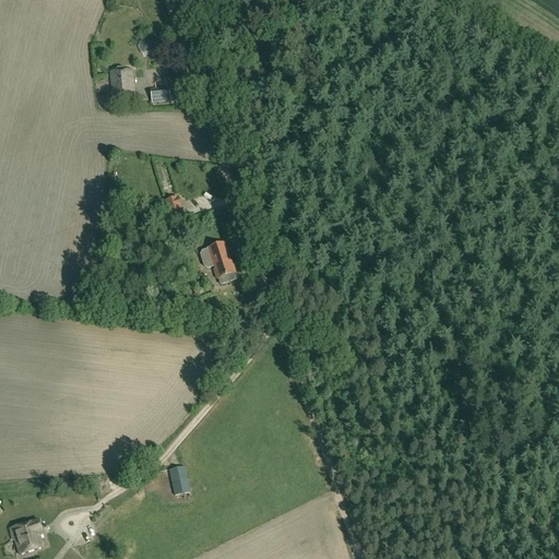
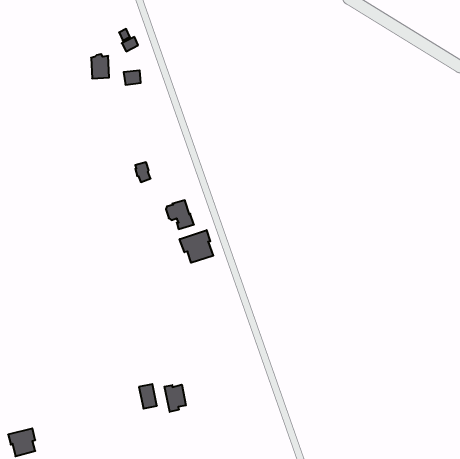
building: none -> [180,230,213,263]
building: none -> [164,385,186,412]

